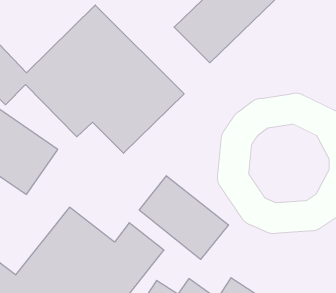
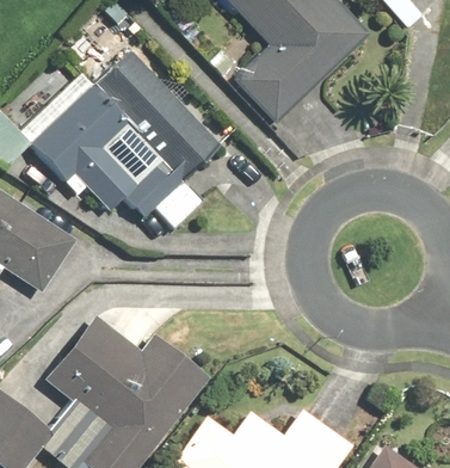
building: [139,176,229,259] -> none

